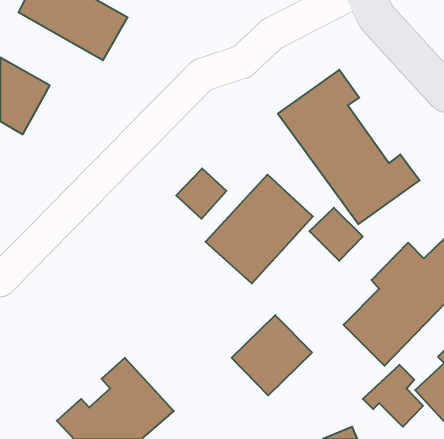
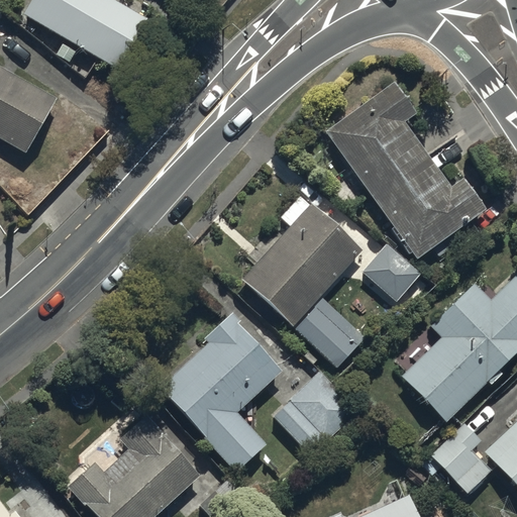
building: [176,168,226,219] -> none
building: none -> [296,298,368,369]
building: none -> [156,311,284,474]

